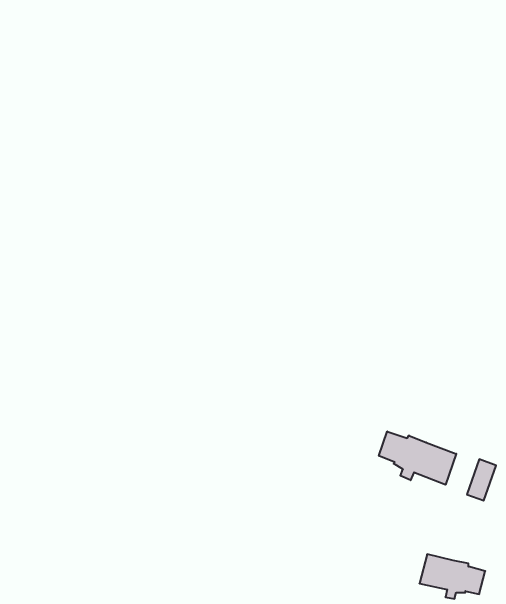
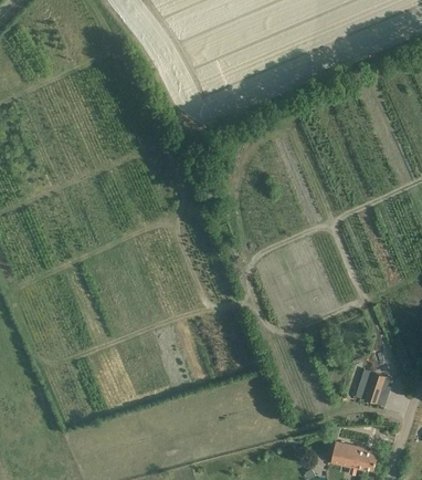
building: [379,431,456,485] -> none

